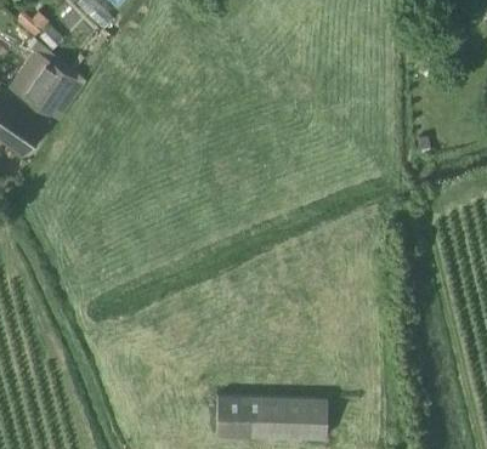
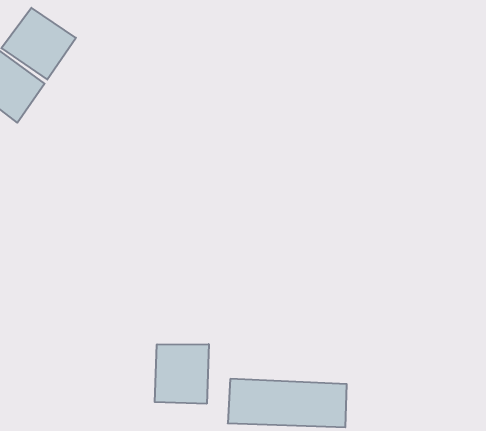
building: none -> [155,344,209,404]

